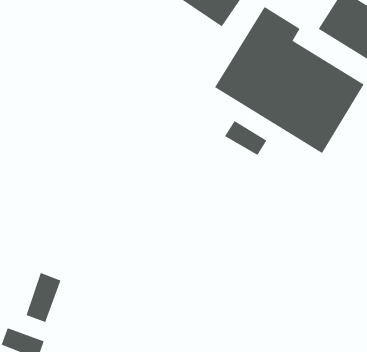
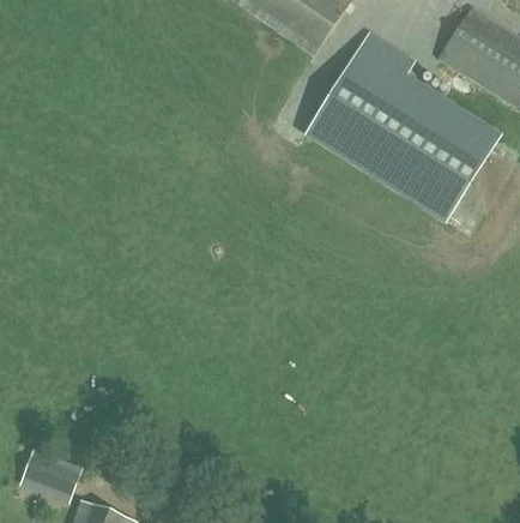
building: [224,120,267,156] -> none
building: [26,272,61,323] -> none

